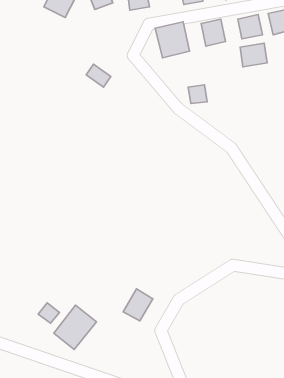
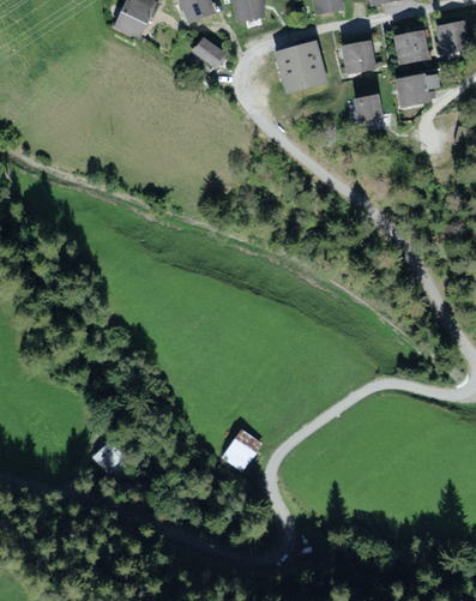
building: [86,64,111,87] -> [188,32,224,66]
building: [188,85,207,104] -> [351,90,379,118]
building: [54,305,96,349] -> none

